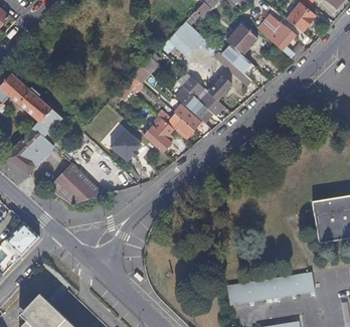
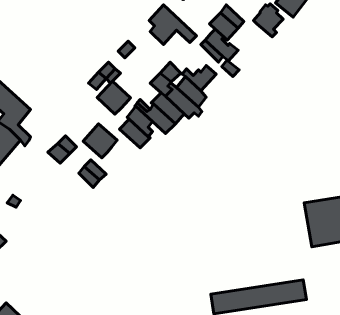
building: none -> [97,81,130,114]
building: [48,164,106,204] -> none

